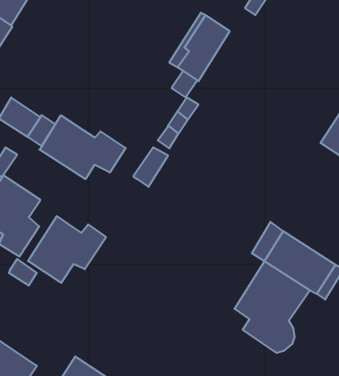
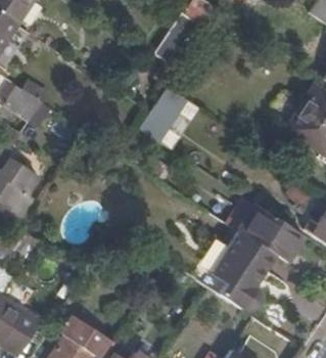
building: [39,115,126,179] -> none
building: [28,216,106,283] -> none

